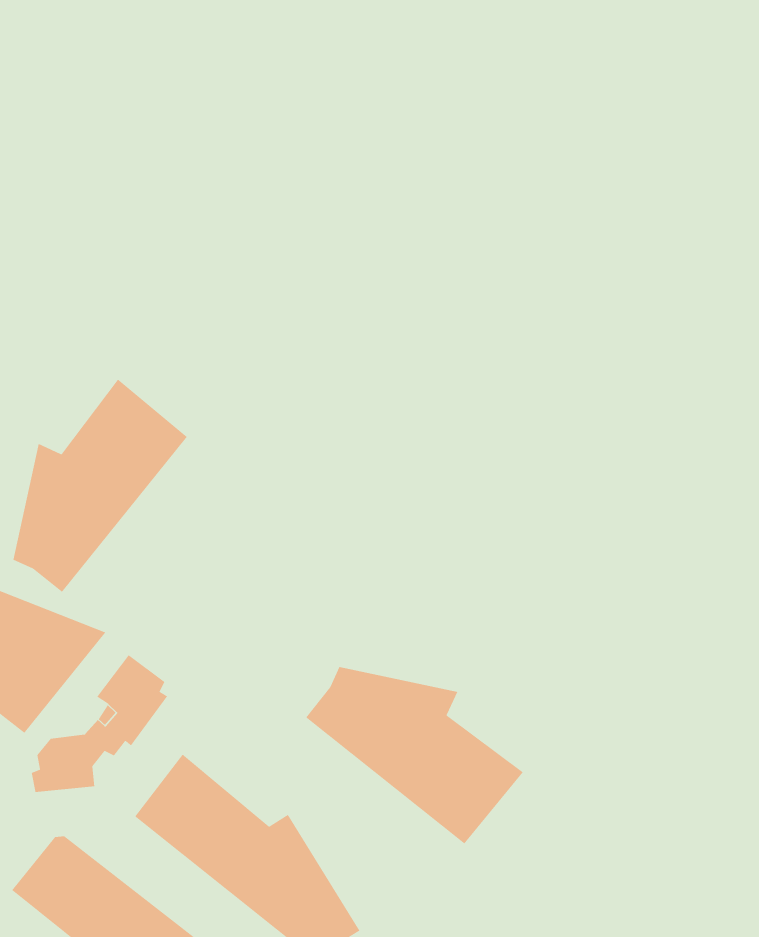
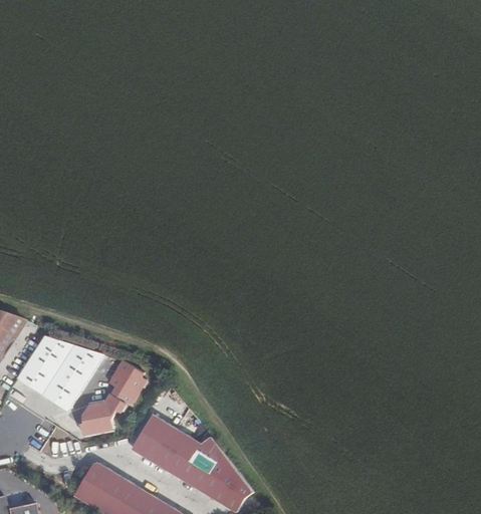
building: [12,379,188,593] -> none
building: [305,666,524,844] -> none

